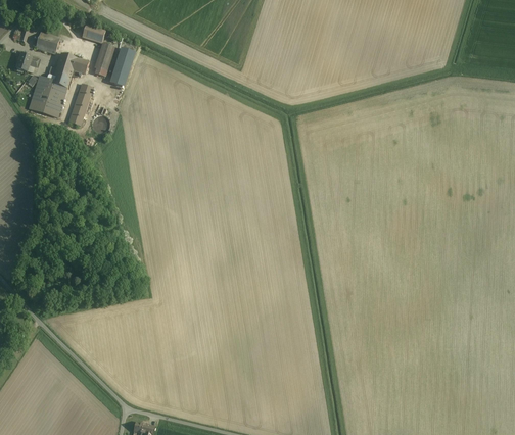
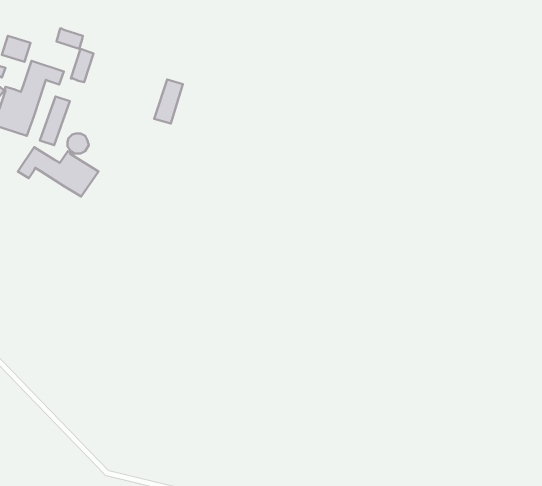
building: [110,49,135,87] -> [154,79,183,123]
building: none -> [18,147,99,197]

